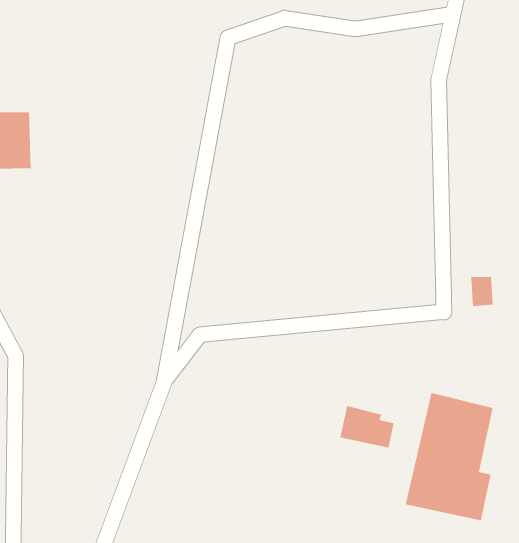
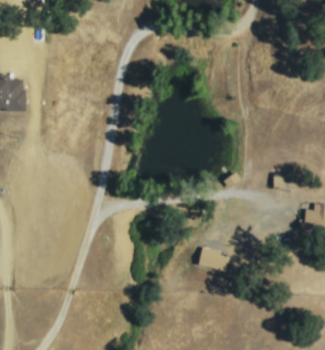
building: [405,392,493,521] -> none

